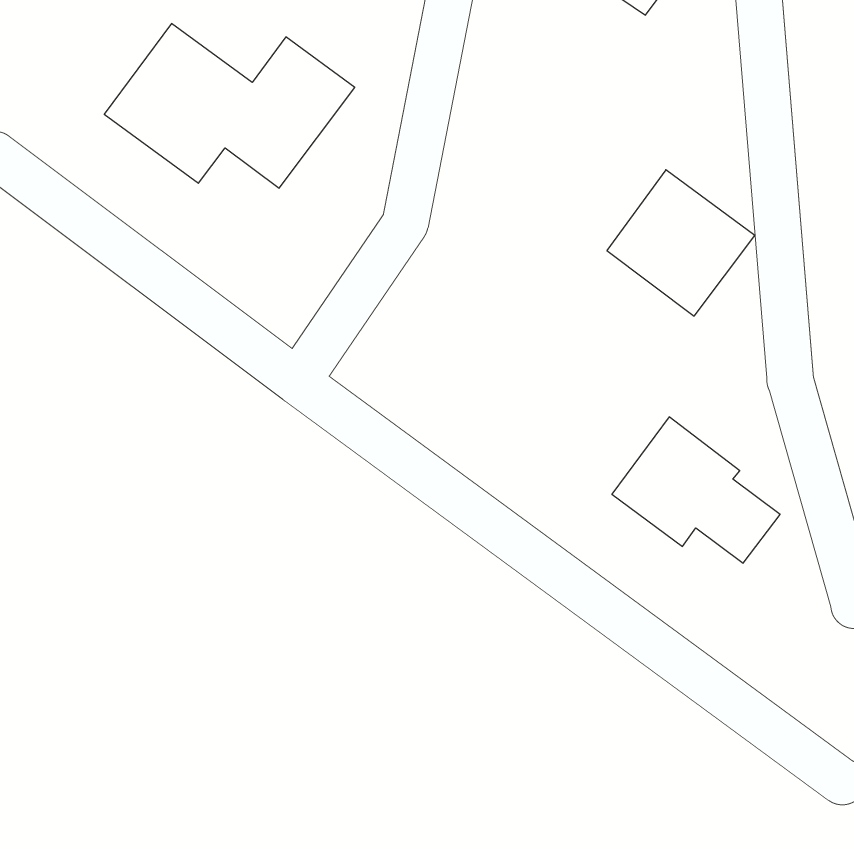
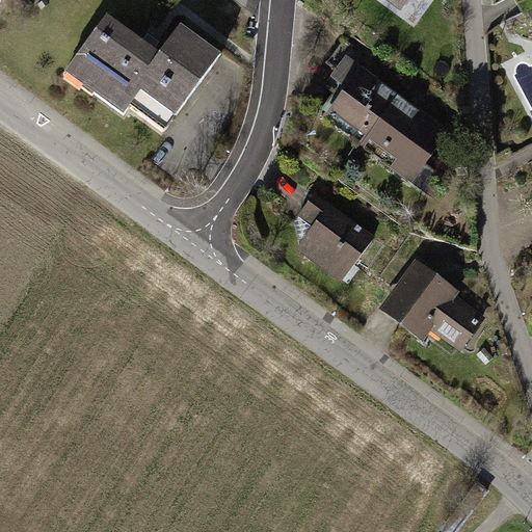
building: none -> [320,65,411,155]
building: none -> [297,193,372,280]

